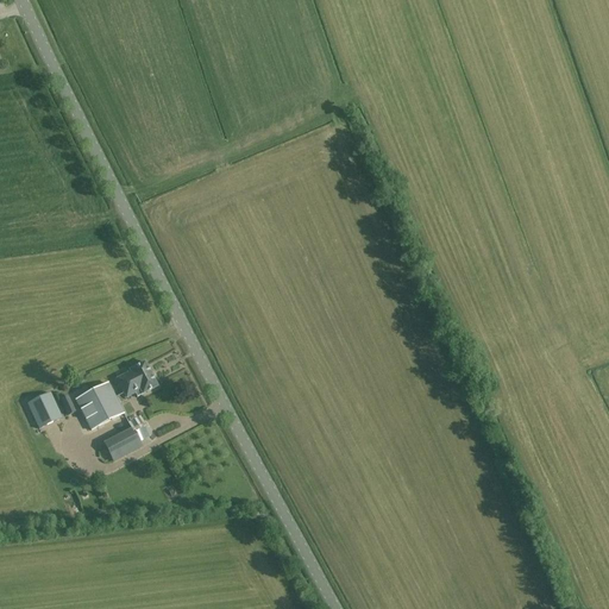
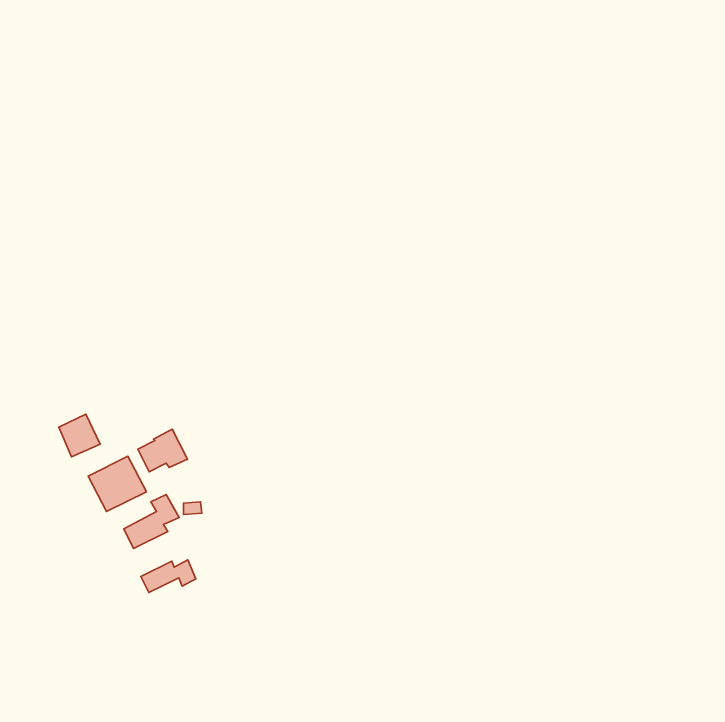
building: [26,391,61,427] -> [59,414,100,457]
building: none -> [141,560,196,592]

